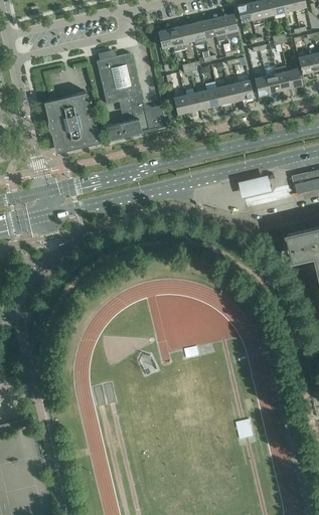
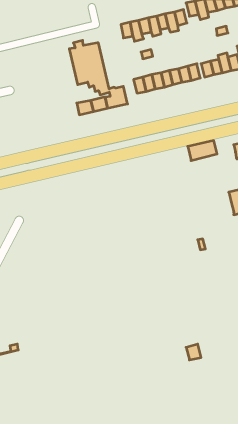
building: [42,92,100,153] -> none

